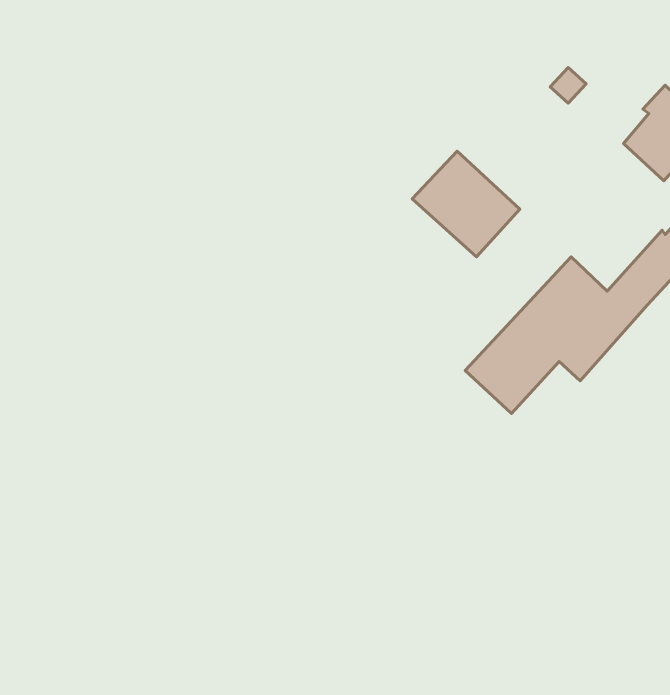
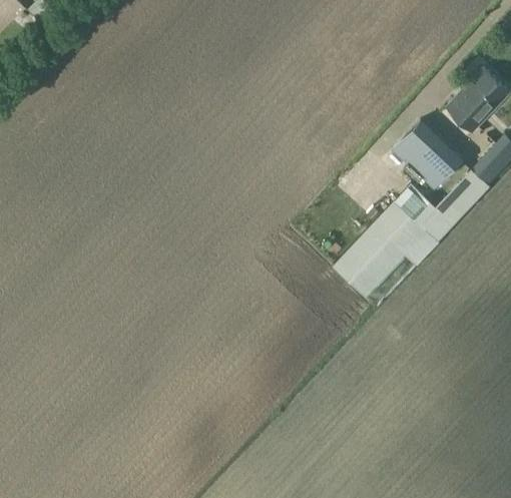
building: [412,151,520,257] -> [391,118,463,189]

